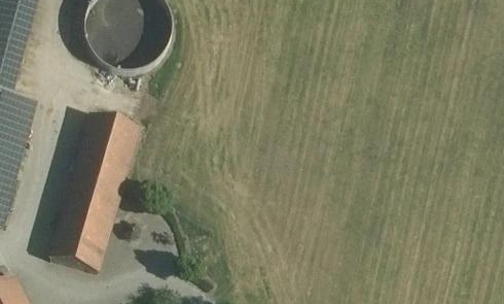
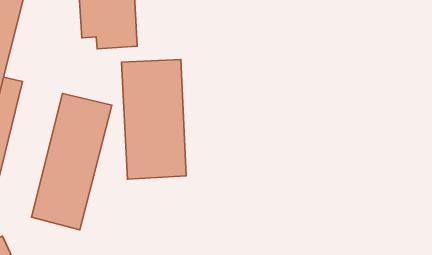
building: none -> [121,60,186,179]

